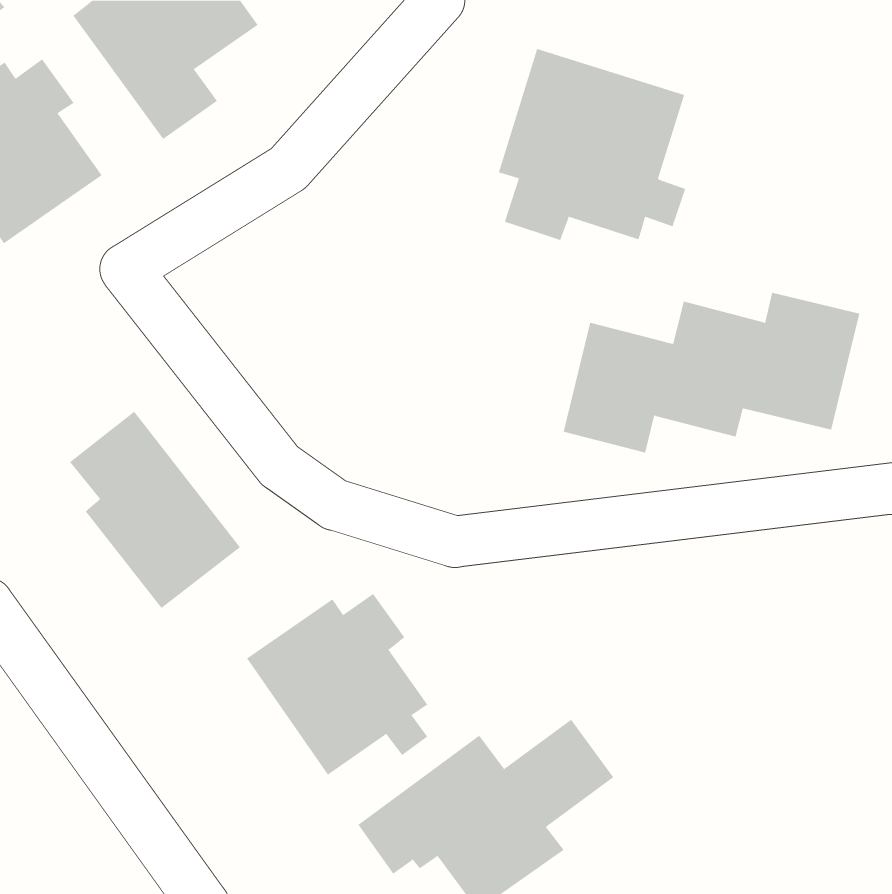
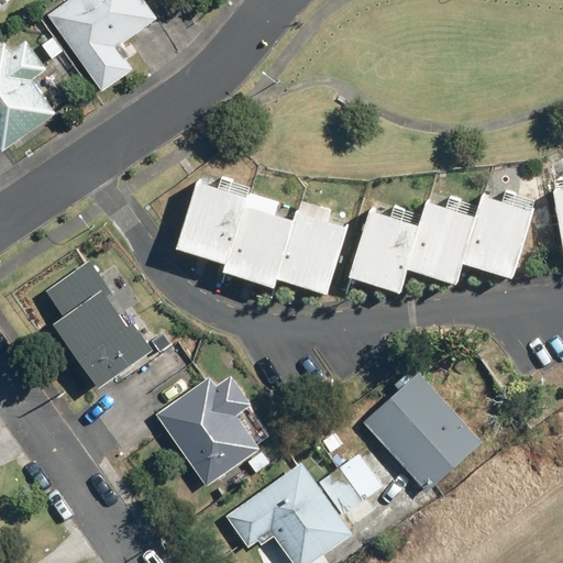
building: [498,48,686,241] -> none
building: none -> [179,177,350,291]
building: none -> [360,372,482,496]

